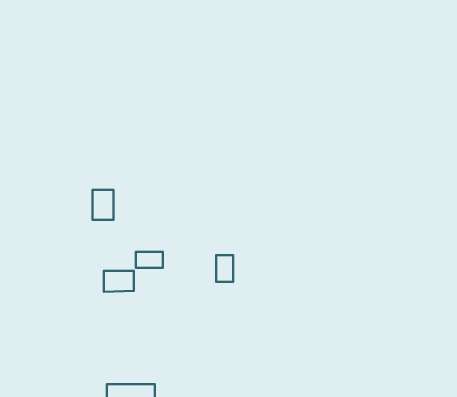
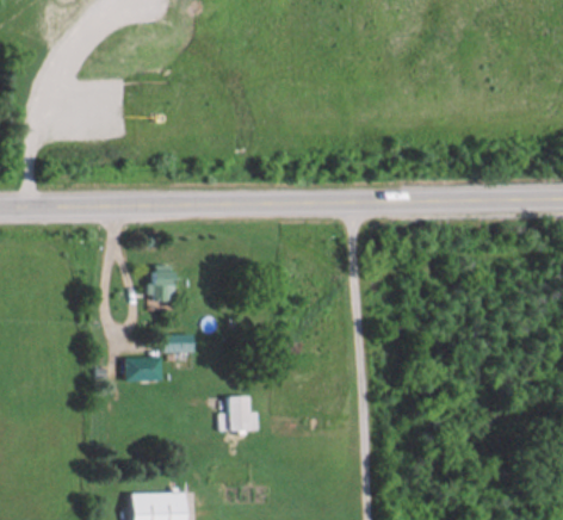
building: [92,190,113,220] -> [150,267,175,303]
building: [216,255,233,282] -> [229,398,249,431]

